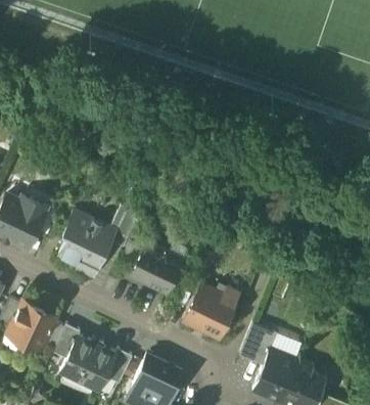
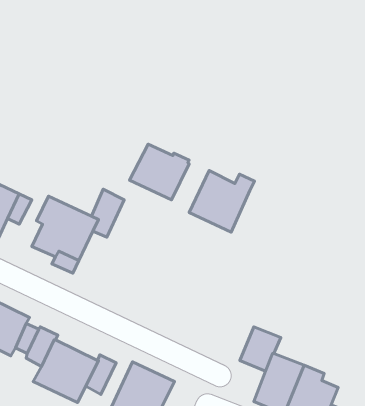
building: [130,243,182,292] -> [130,144,189,200]
building: [183,284,240,339] -> [189,171,255,232]

